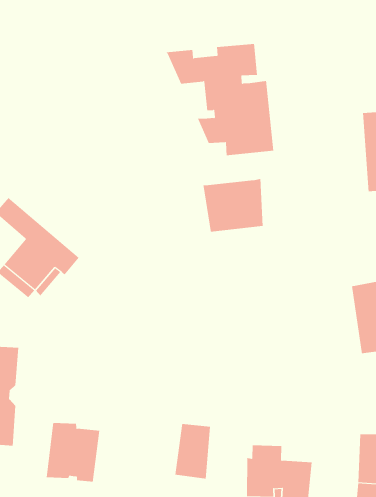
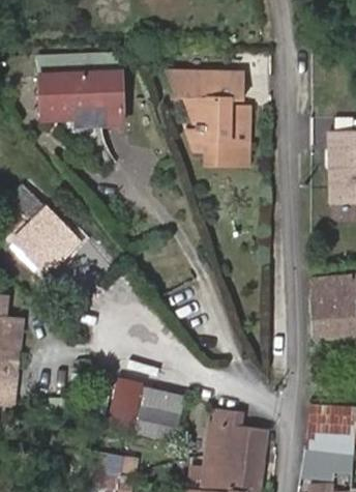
building: none -> [38,68,122,121]
building: [203,178,263,232] -> none
building: [46,422,100,482] -> [111,378,159,431]

